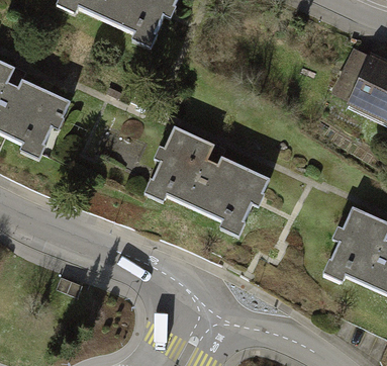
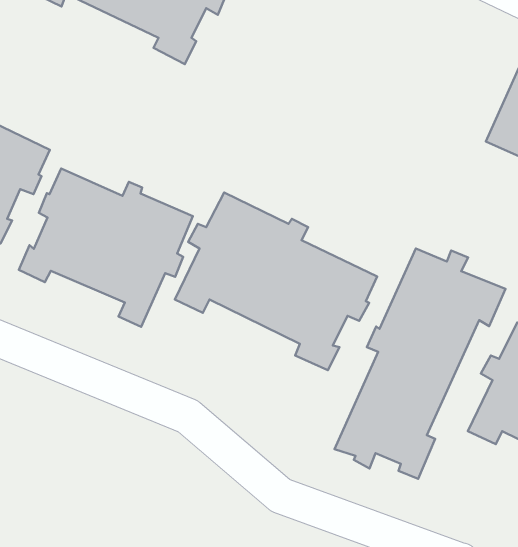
building: none -> [19,169,193,327]
building: none -> [335,248,506,479]

